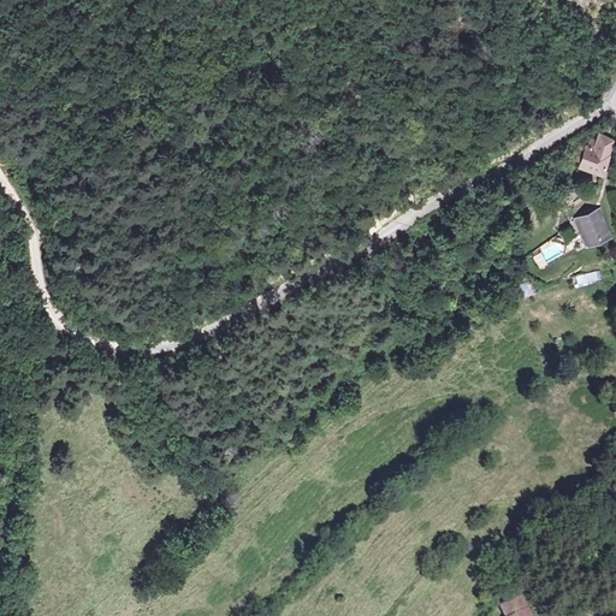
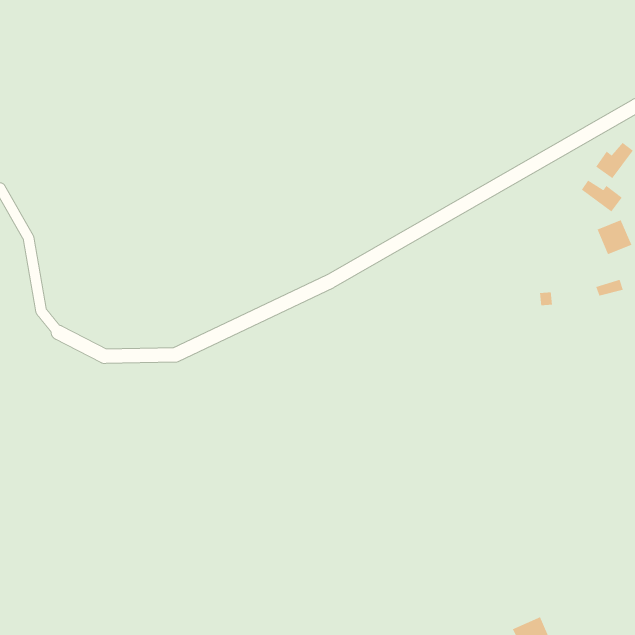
building: none -> [581,180,623,212]

